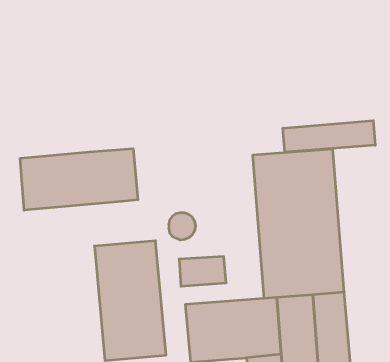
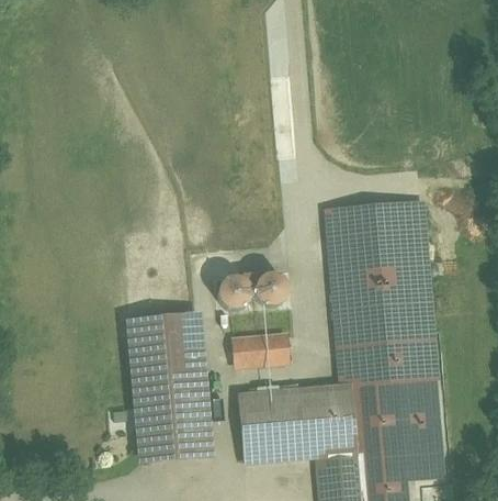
building: [283,121,375,152] -> none
building: [20,149,138,210] -> none
building: none -> [253,271,287,305]

